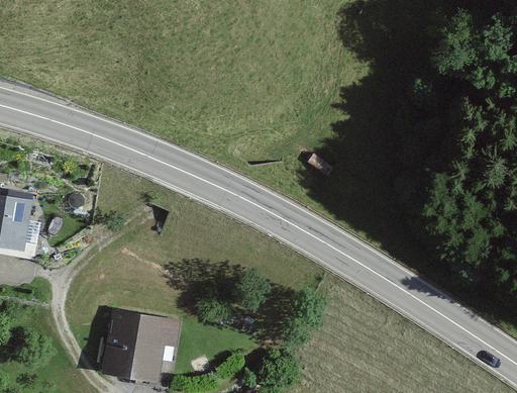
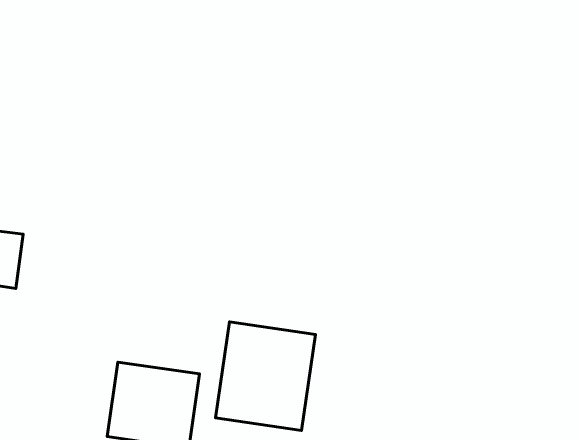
building: none -> [215,322,316,430]

